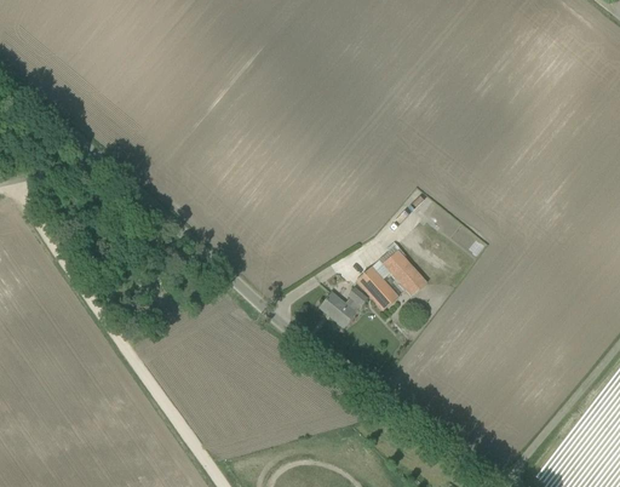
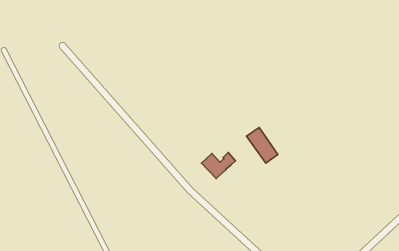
building: [356,267,400,310] -> none

